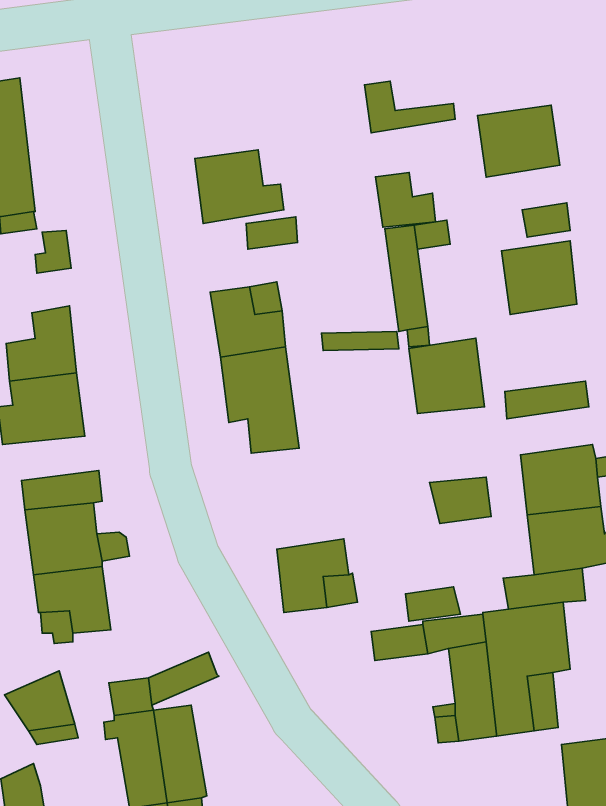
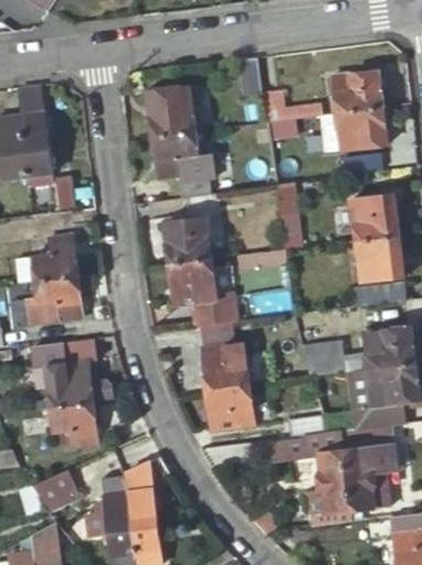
building: none -> [330,70,382,111]
building: none -> [147,90,198,139]
building: [376,172,436,227] -> none
building: [409,338,484,414] -> [356,233,404,281]
building: none -> [199,343,249,391]

